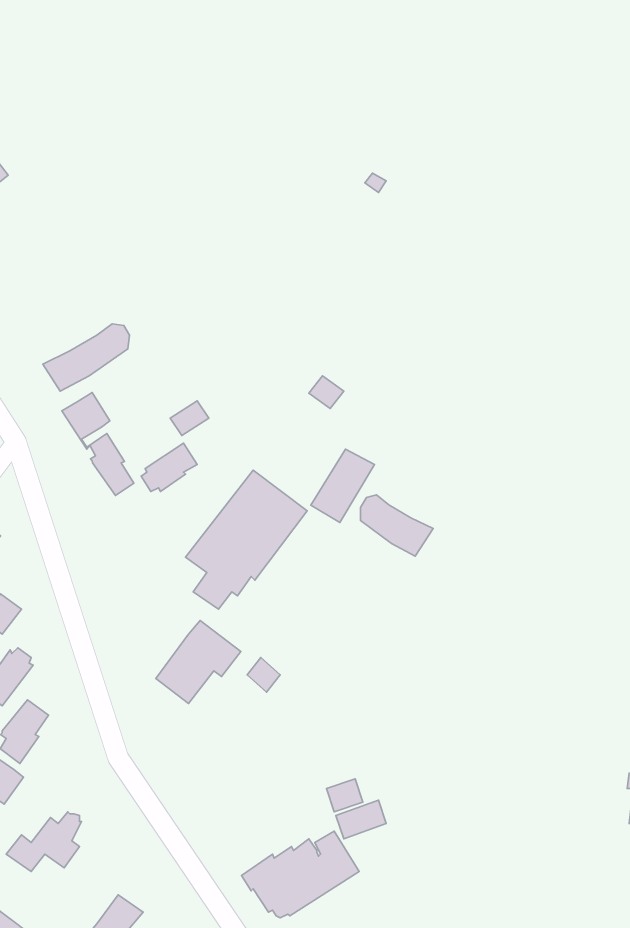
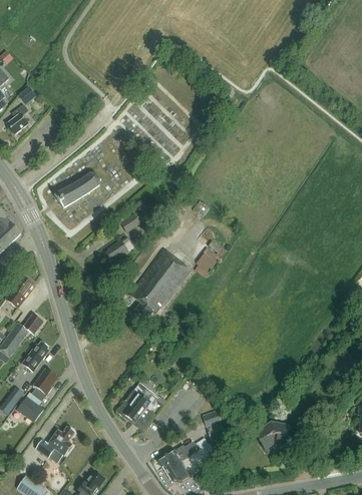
building: [62,393,134,495] -> none
building: [360,495,433,556] -> none
building: [156,621,241,704] -> [115,382,159,425]
building: none -> [253,422,291,451]

